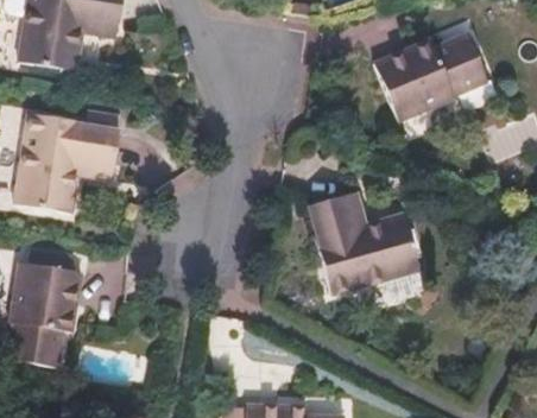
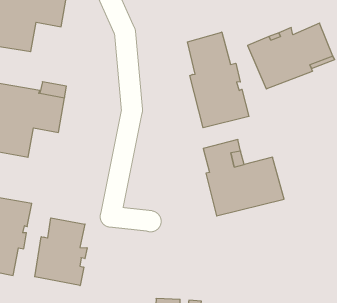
building: none -> [187,32,249,128]
building: none -> [35,218,87,286]

